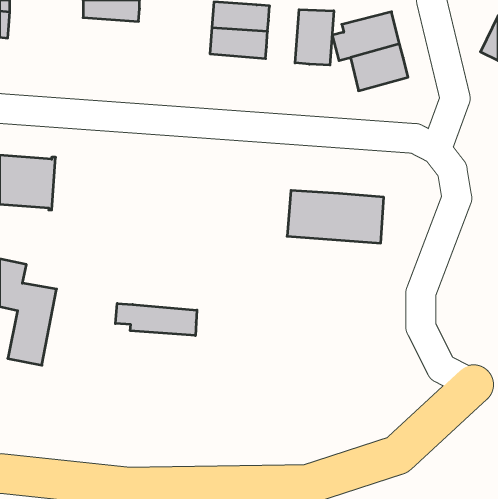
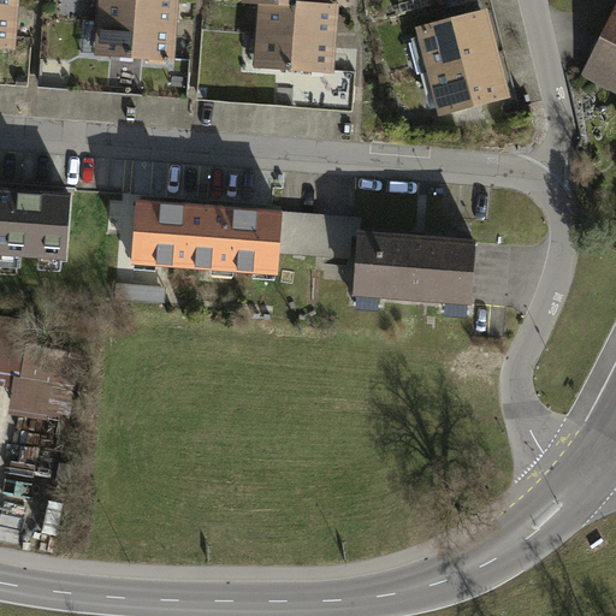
building: [295,10,334,65] -> none
building: none -> [81,20,171,59]
building: none -> [132,203,353,271]
building: [115,303,197,336] -> none

